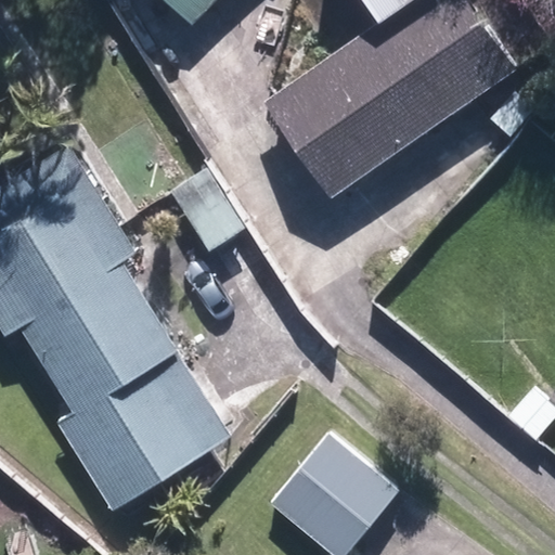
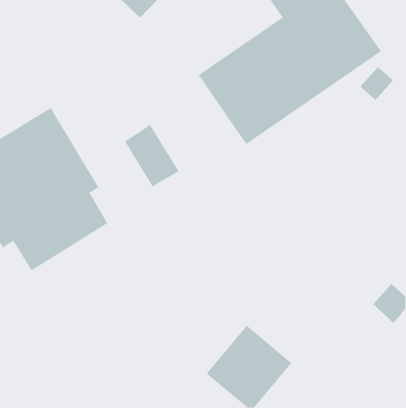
building: [42,302,228,508] -> none

